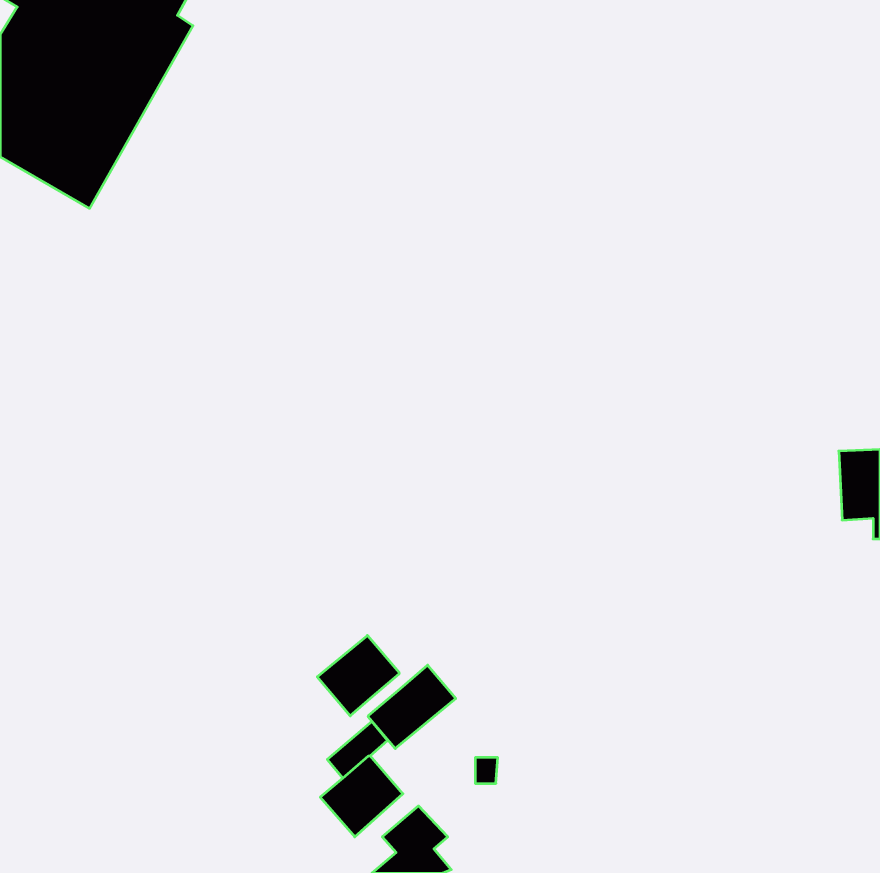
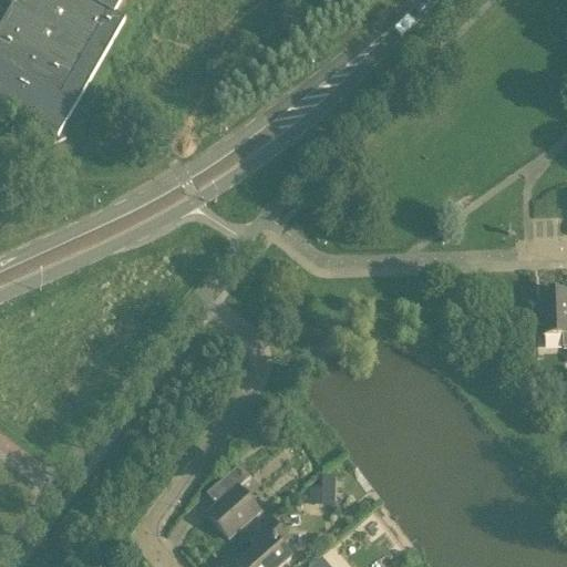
building: [317,635,399,716] -> none
building: [368,665,456,749] -> none

